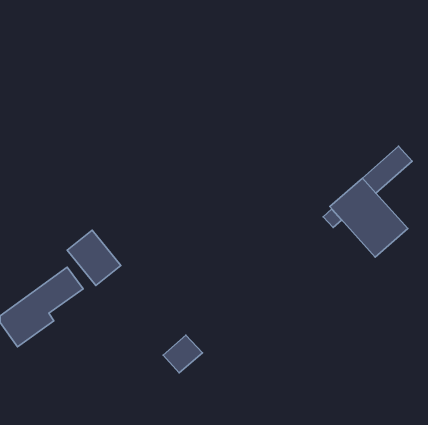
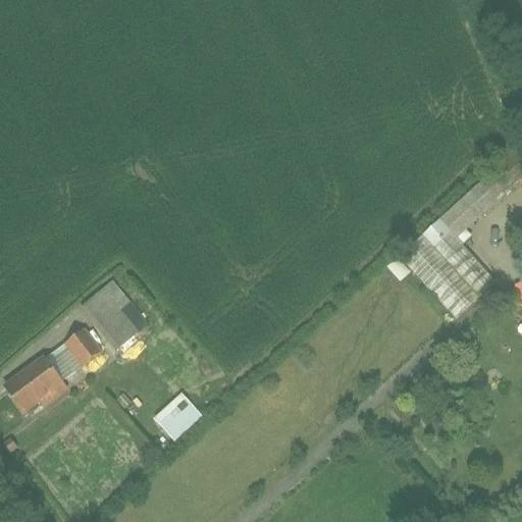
building: [163,335,203,373] -> [154,395,202,440]

